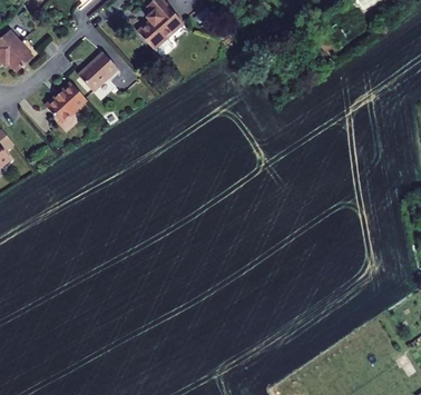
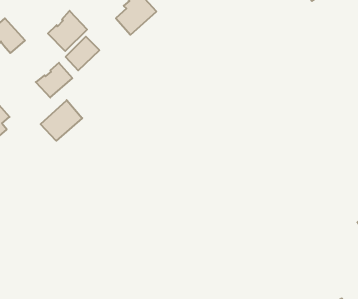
building: none -> [48,11,87,51]
building: none -> [41,100,82,141]

